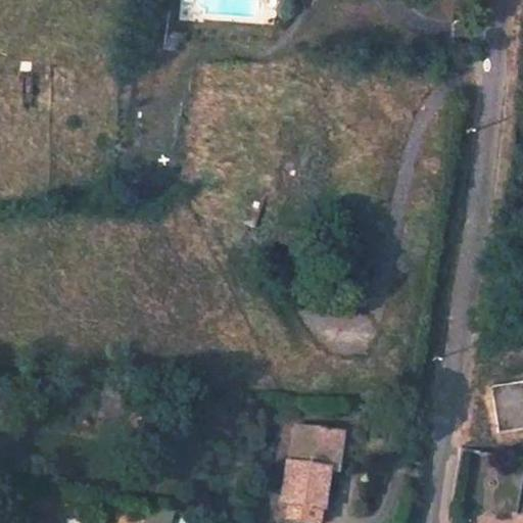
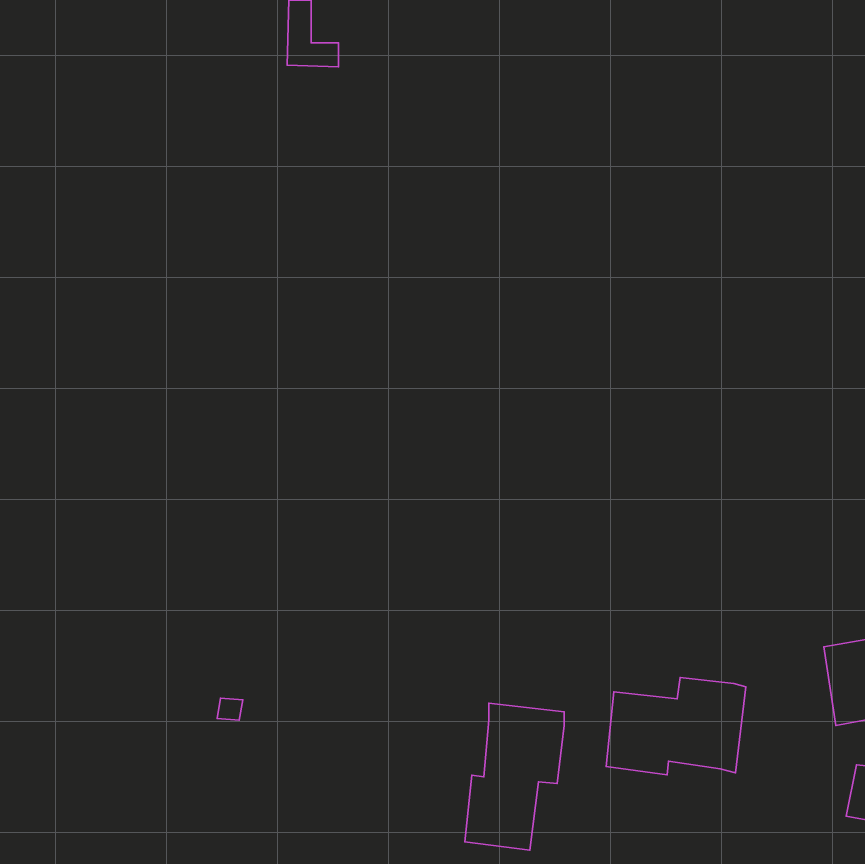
building: none -> [606,677,746,775]

